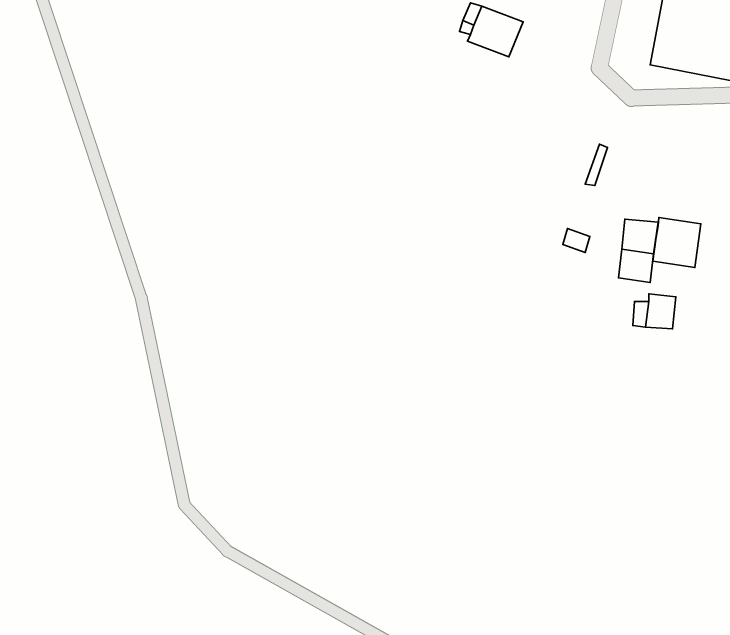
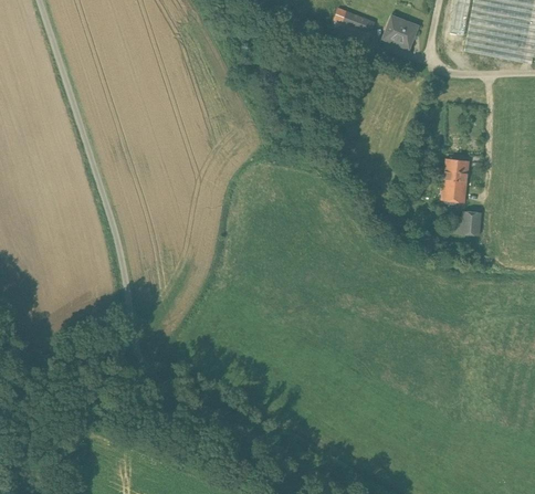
building: none -> [385,14,419,49]
building: [653,218,701,267] -> none

